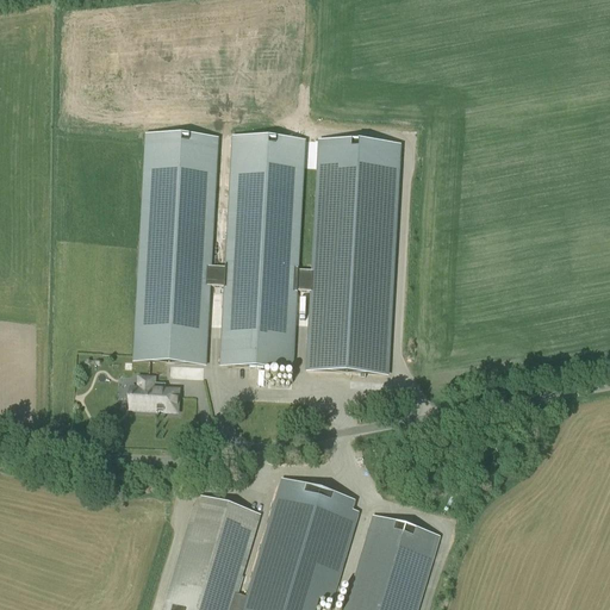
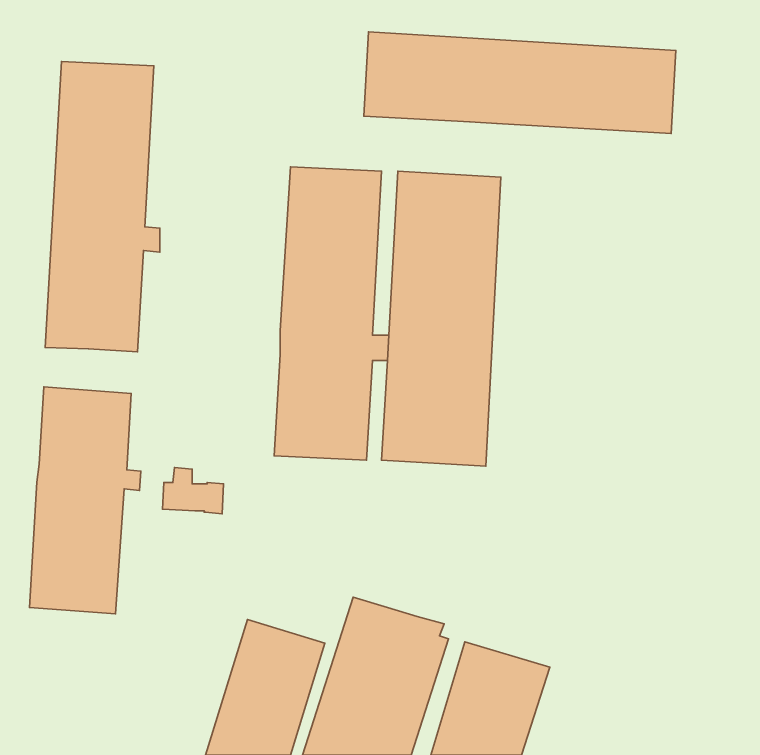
building: none -> [364,32,676,134]
building: [133,131,225,363] -> [45,61,160,352]
building: none -> [30,387,141,614]

